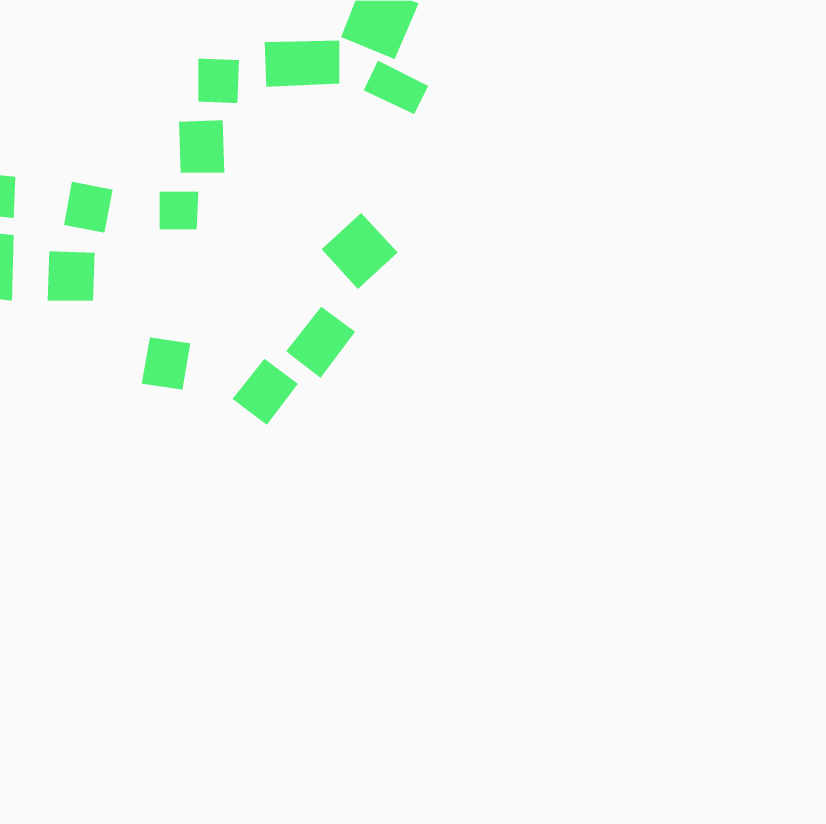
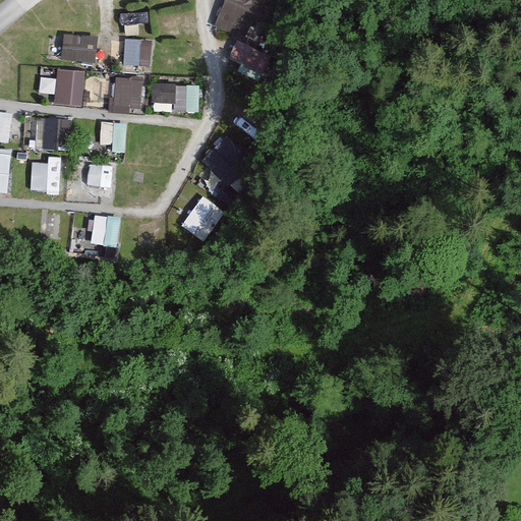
building: [264,40,340,87] -> [151,82,198,112]
building: none -> [60,33,98,65]
building: none -> [54,68,83,104]
building: [232,358,299,426] -> none

